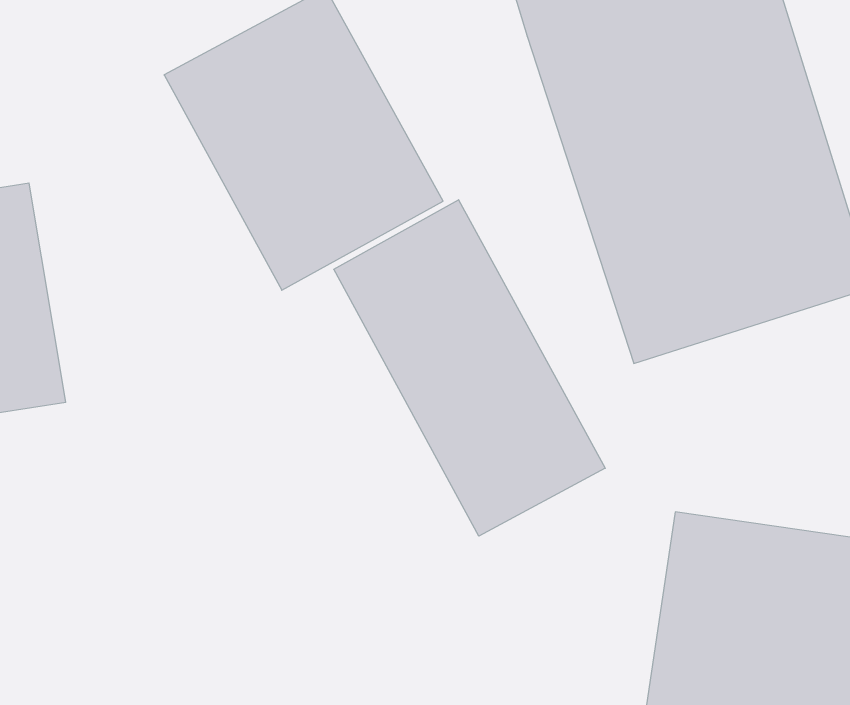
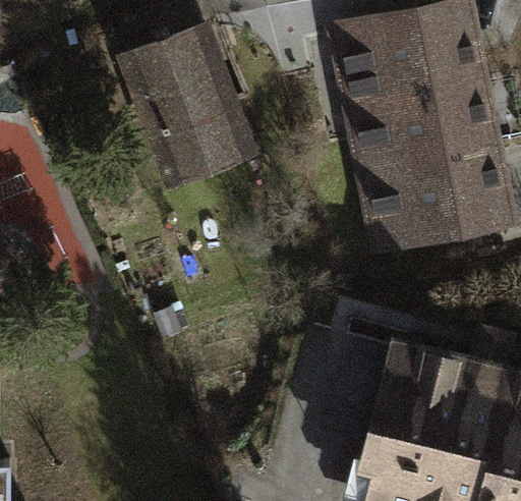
building: [334,200,605,536] -> none

